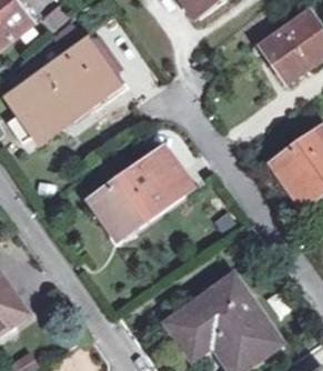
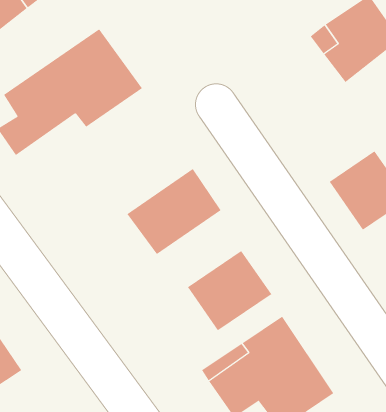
building: [90,190,133,237] -> none
building: none -> [187,250,272,331]

